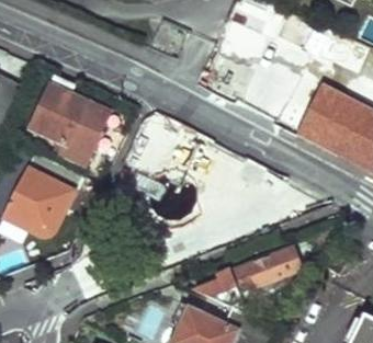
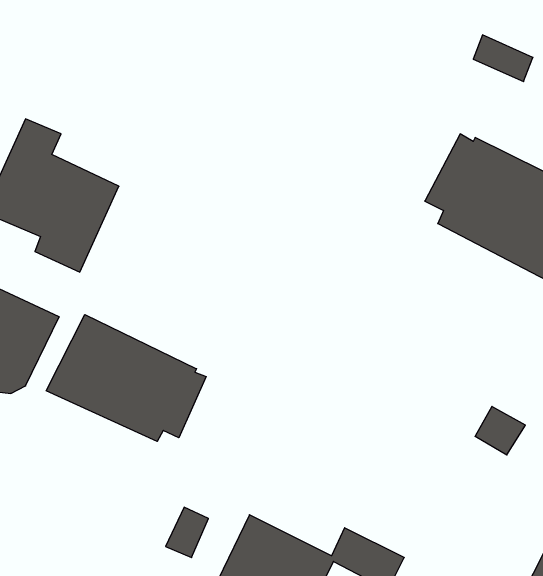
building: none -> [46,315,206,441]
building: [219,245,301,302] -> none

